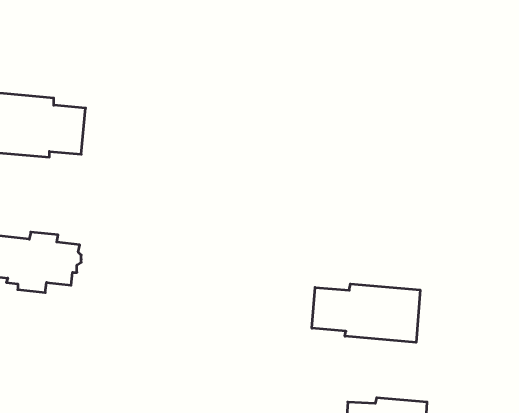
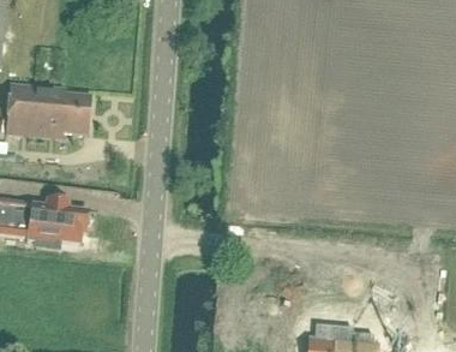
building: [312,284,420,342] -> none

